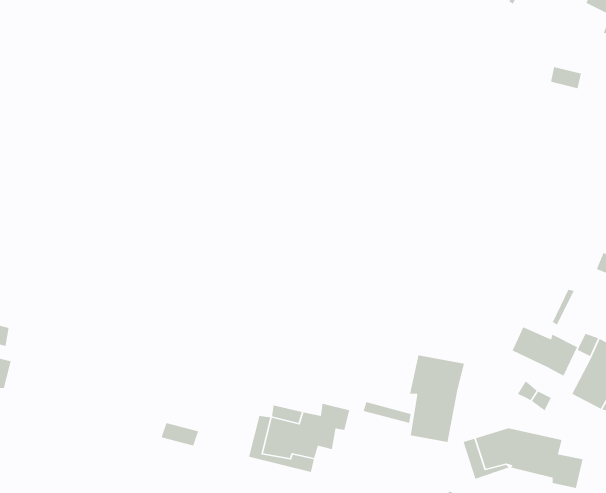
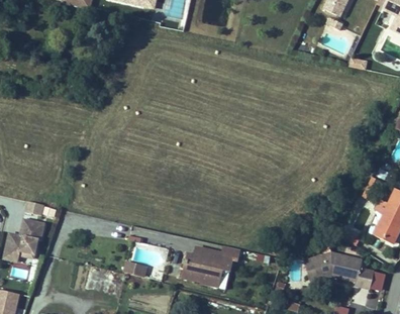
building: [511,326,578,377] -> none
building: [409,354,465,443] -> none

